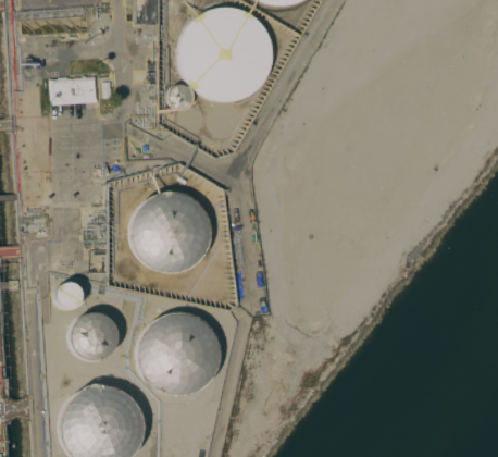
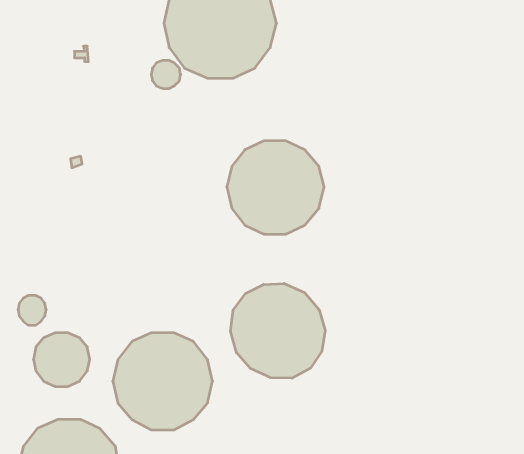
building: [50,74,98,104] -> none
building: [129,193,212,272] -> [227,141,324,234]
building: none -> [231,283,325,378]

